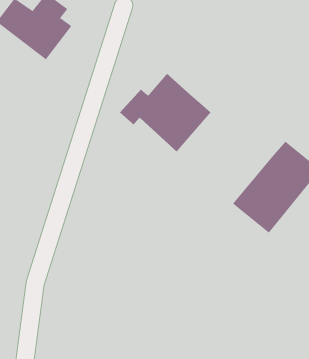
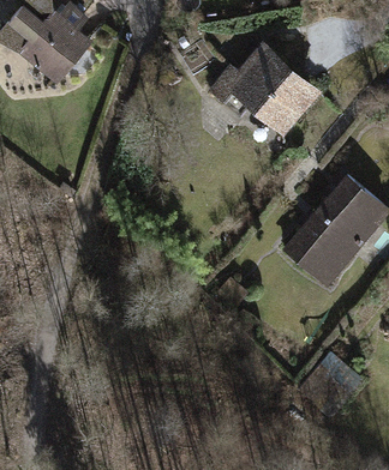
building: [119,73,212,153] -> [210,41,322,137]

